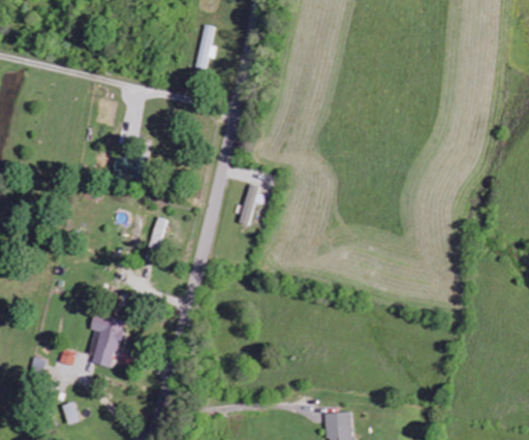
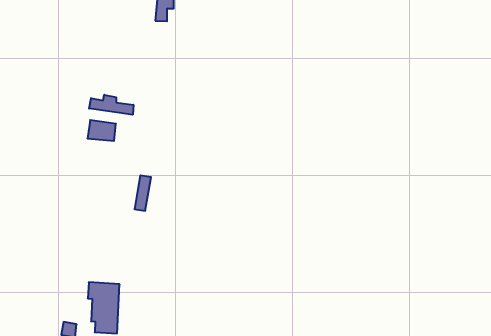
building: none -> [89,95,133,115]
building: [242,184,267,225] -> none

